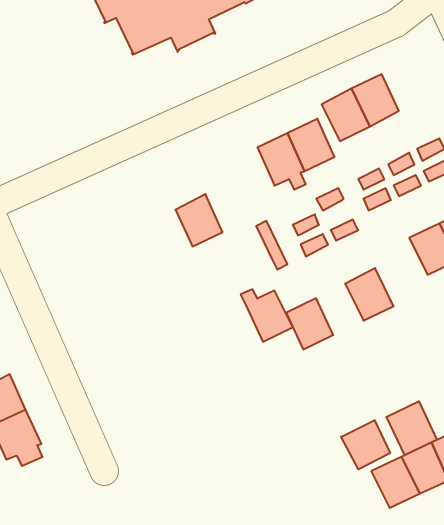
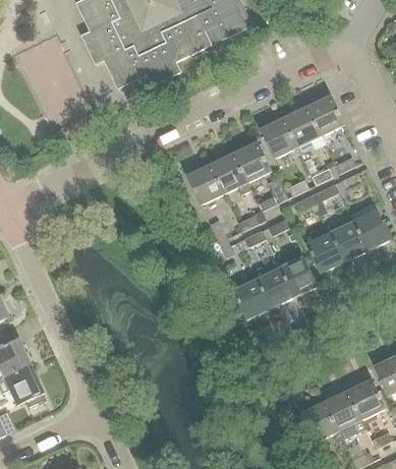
building: none -> [309,93,346,132]
building: [175,194,223,246] -> [189,161,226,201]
building: none -> [303,223,345,272]
building: [241,289,293,342] -> [254,266,295,306]
building: [387,401,437,455] -> none
building: [341,420,390,469] -> none

